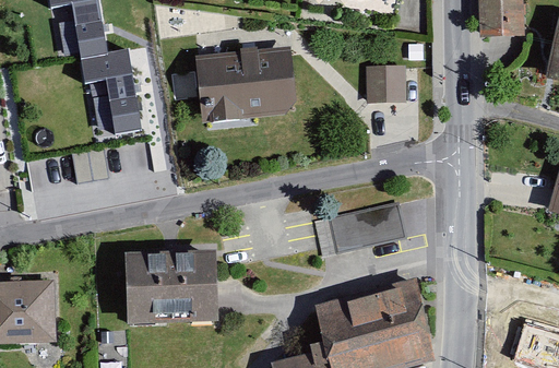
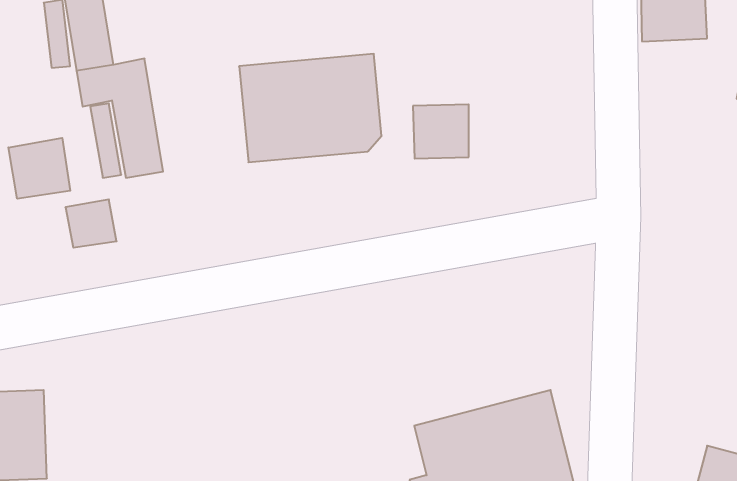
building: [365,63,404,102] -> [413,104,469,159]
building: none -> [8,138,70,199]
building: [331,203,407,254] -> none
building: [128,250,222,324] -> none

